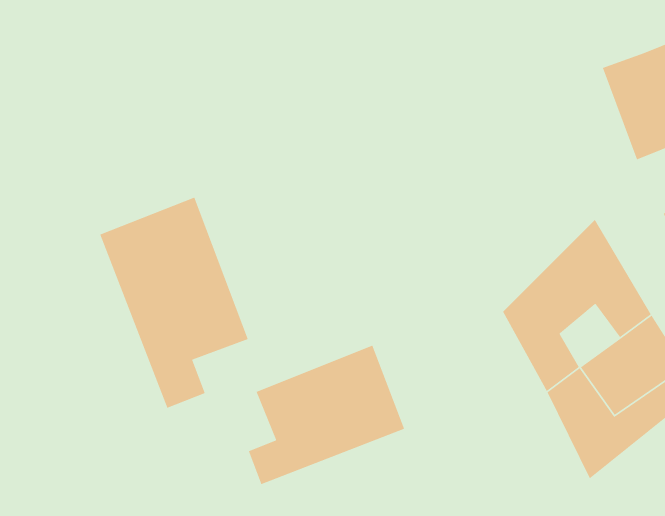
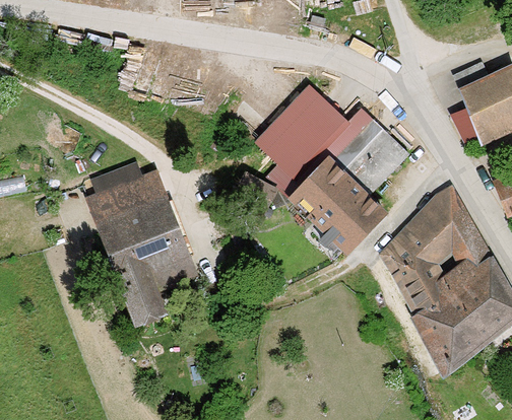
building: none -> [266,97,408,251]
building: [248,345,405,485] -> none

